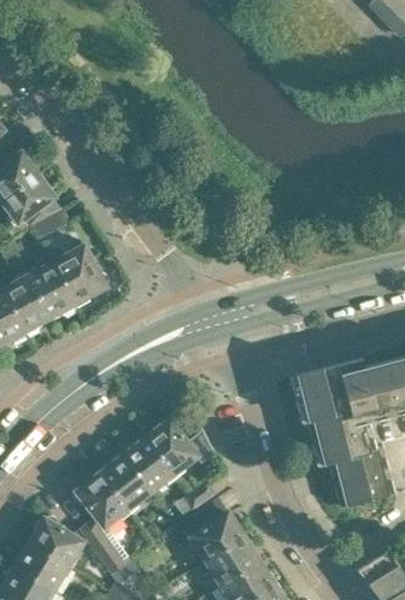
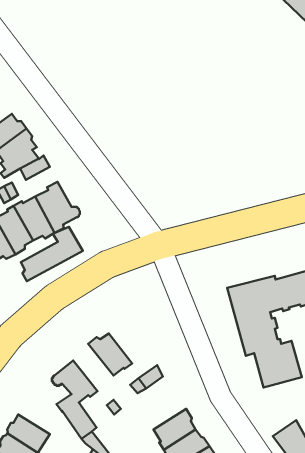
building: none -> [21,227,83,281]
building: [146,419,212,477] -> none
building: [100,452,152,513] -> none
building: [169,498,246,563] -> none
building: [29,518,84,569] -> none

